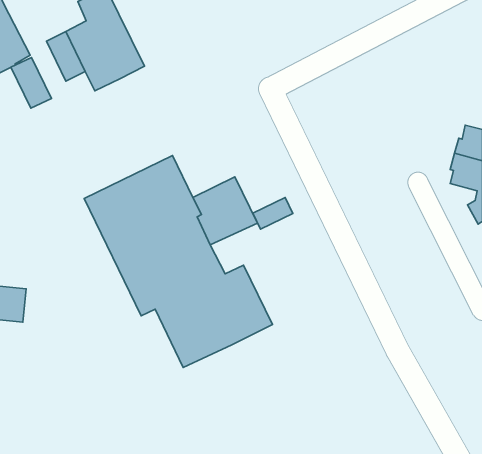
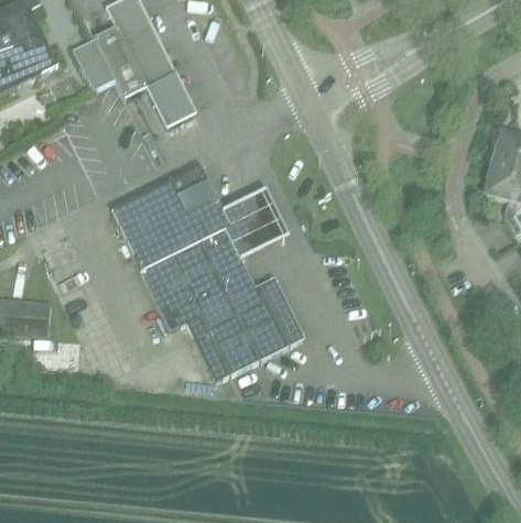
building: [11,57,52,108] -> none
building: none -> [148,74,192,124]
building: [253,198,293,229] -> none

